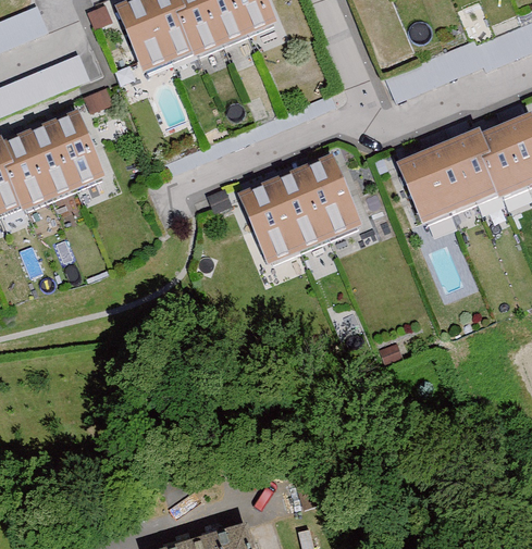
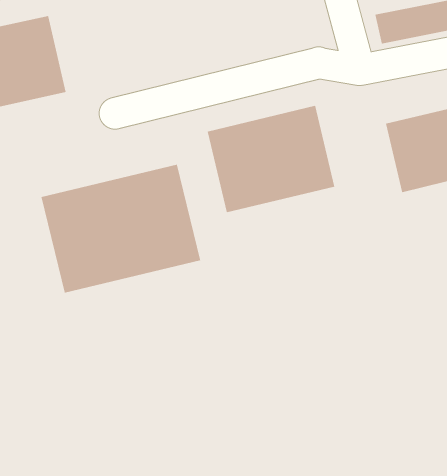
building: none -> [41,164,201,294]

